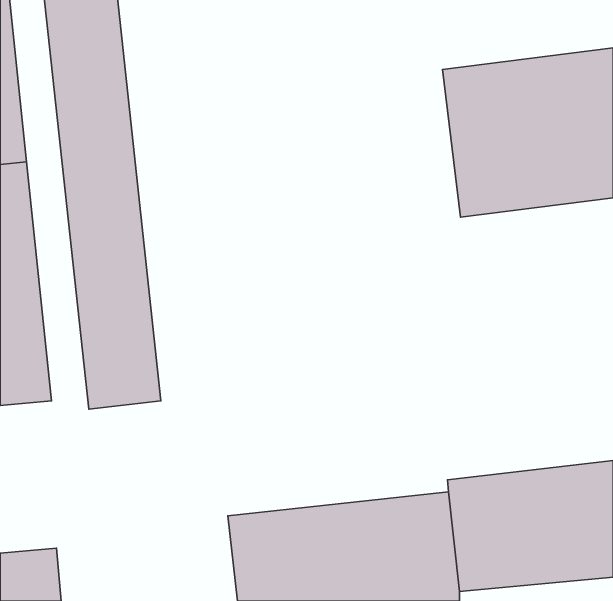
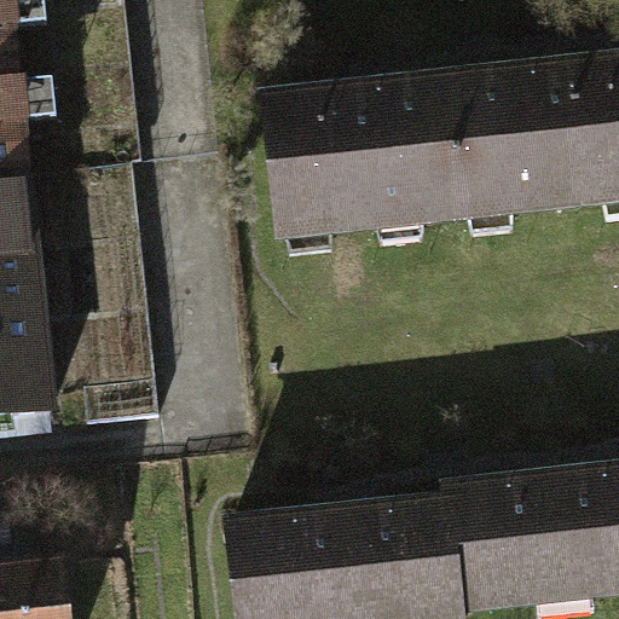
building: none -> [254,70,464,242]

